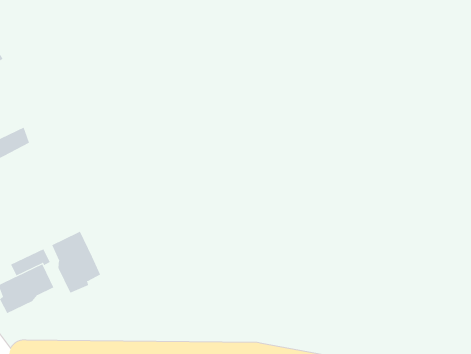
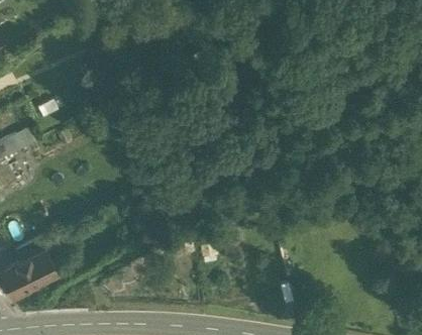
building: [51,231,101,294] -> none

